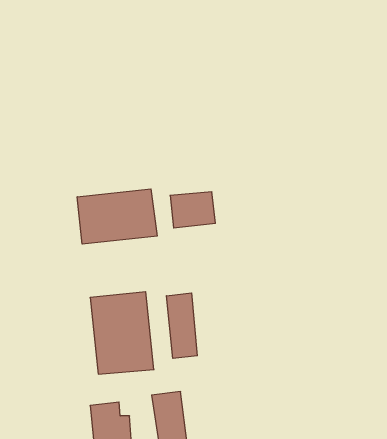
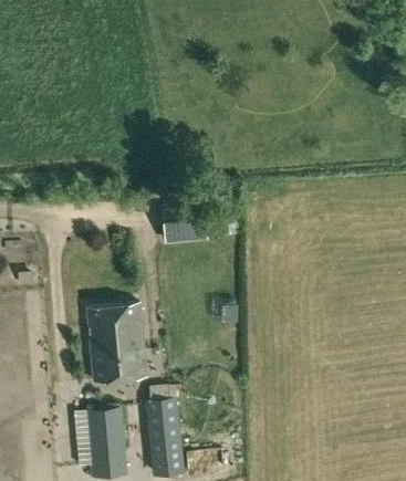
building: [77,189,157,244] -> none
building: [166,293,197,358] -> none

